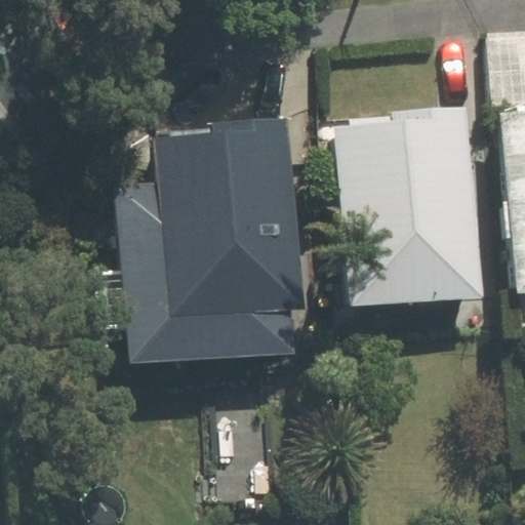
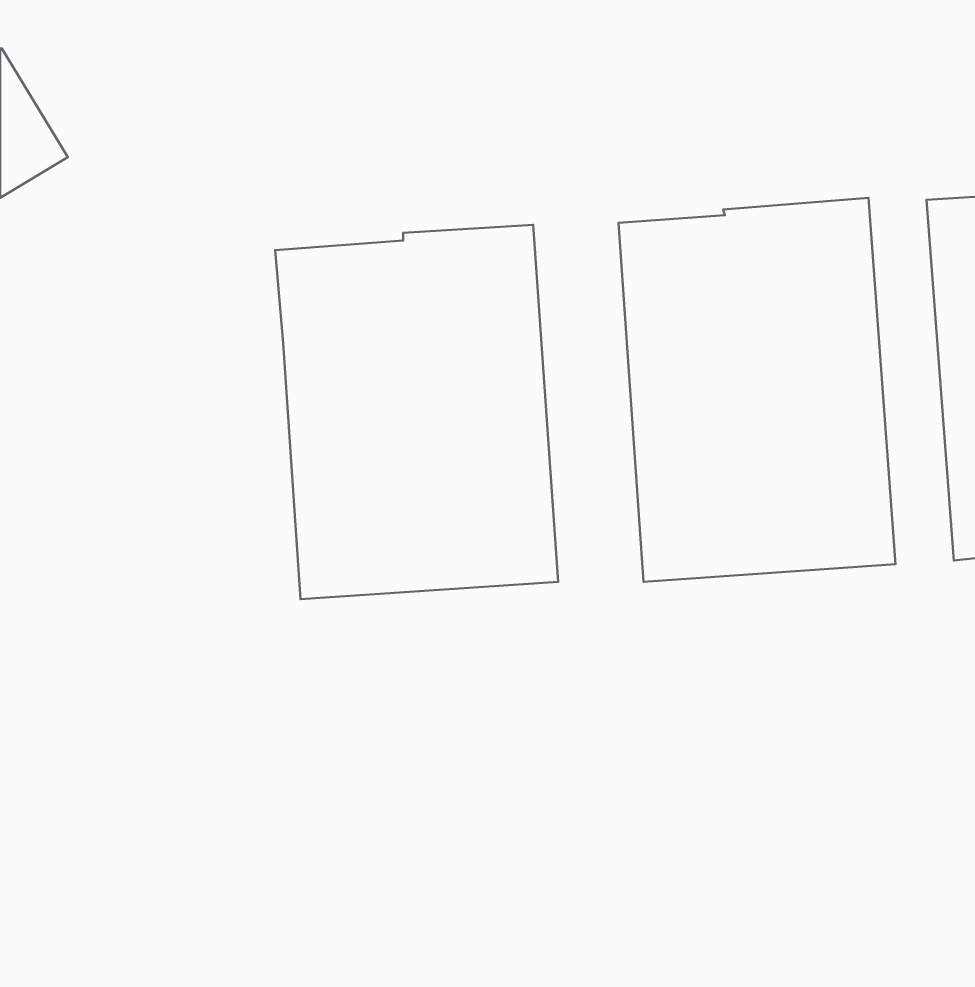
building: [114,181,307,364] -> none

